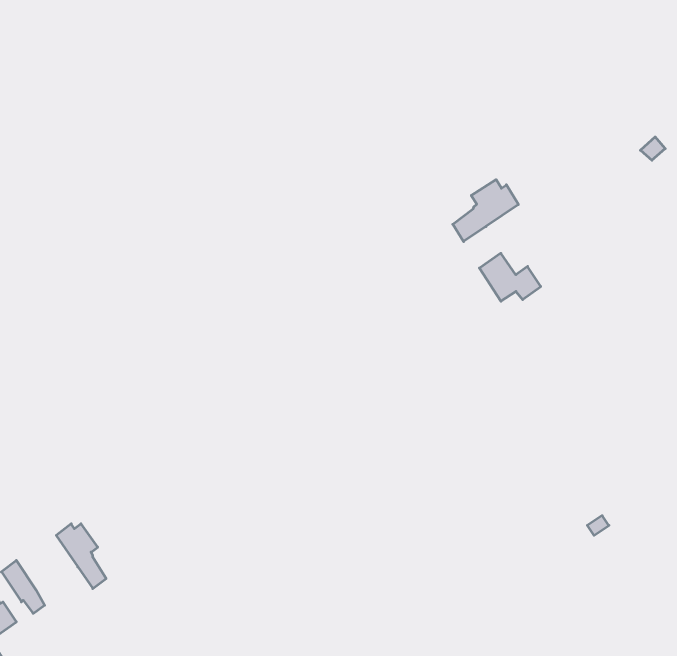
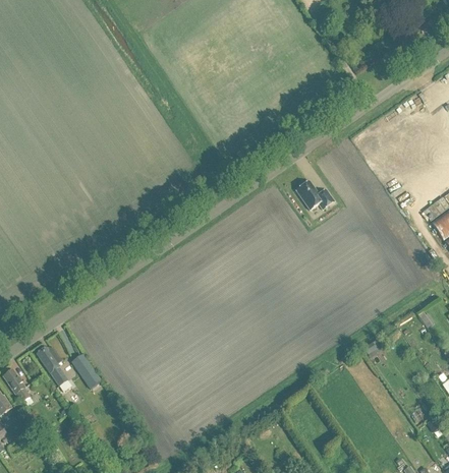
building: [453,180,518,242] -> none
building: none -> [71,353,102,388]

